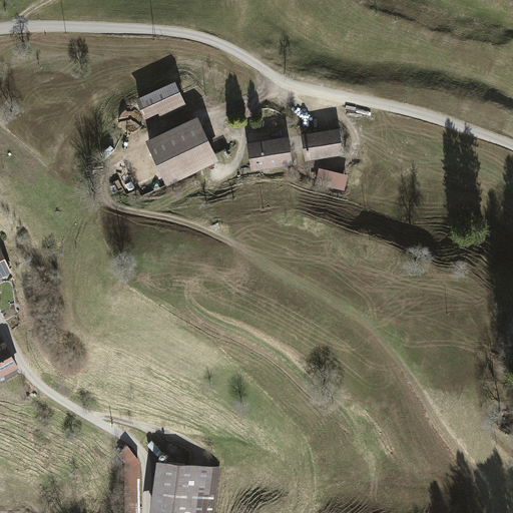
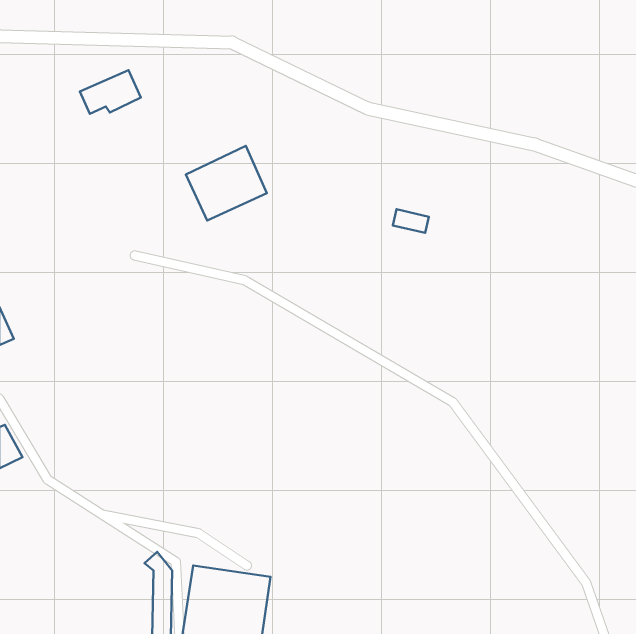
building: [136,83,185,118] -> [80,70,141,114]
building: [303,132,340,158] -> none
building: [247,141,290,167] -> none

